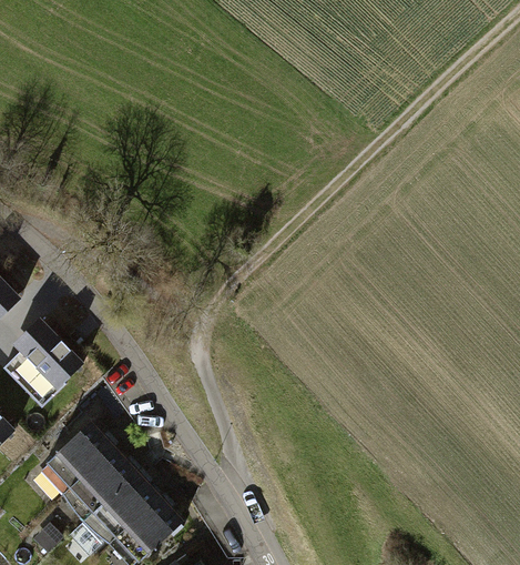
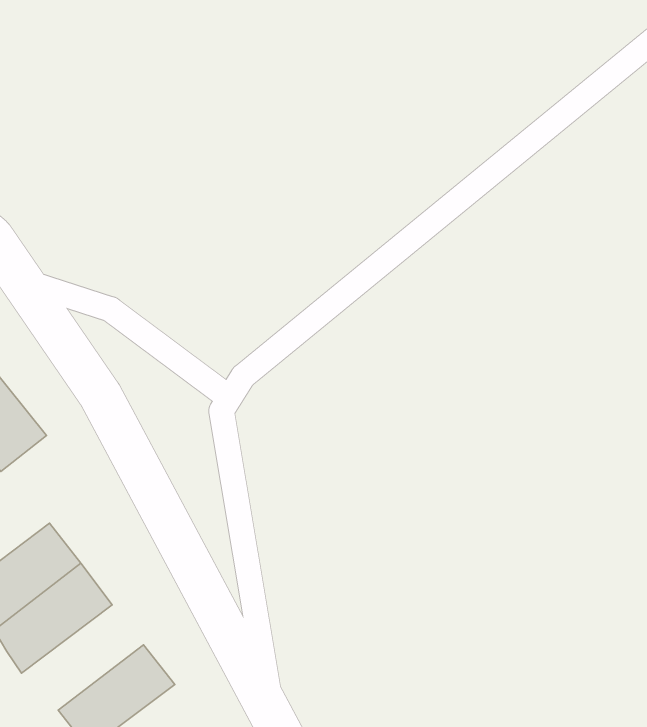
building: [81,472,160,545] -> none

